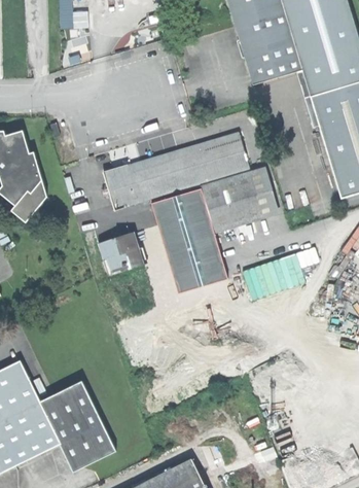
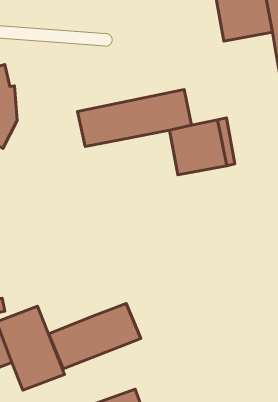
building: [214,131,252,176] -> none
building: [151,183,230,293] -> none
building: [98,232,144,270] -> none
building: none -> [48,303,141,369]

